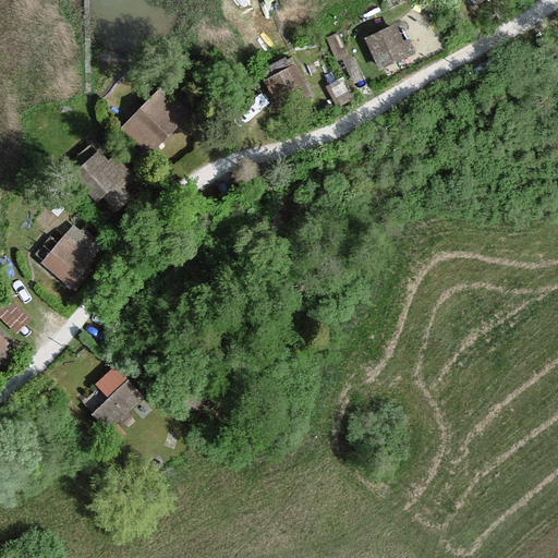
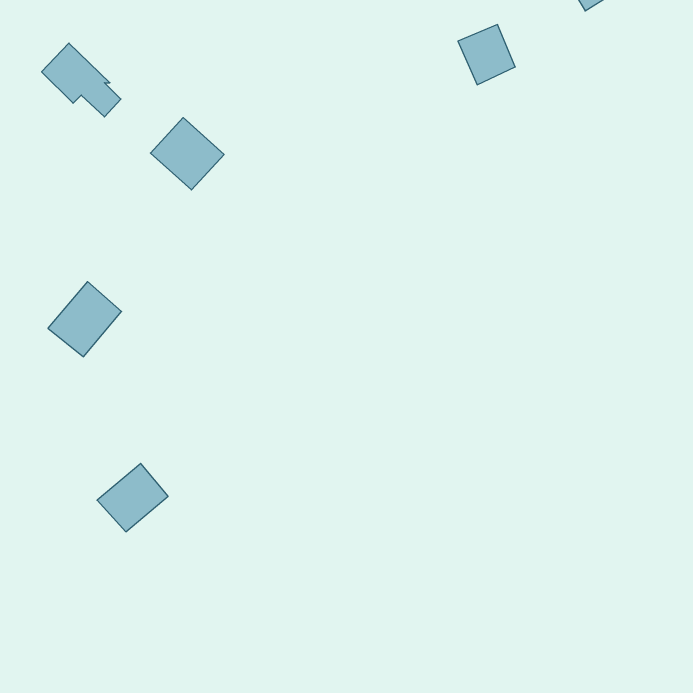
building: [266,64,310,109] -> none
building: [72,150,135,209] -> [42,43,121,117]

